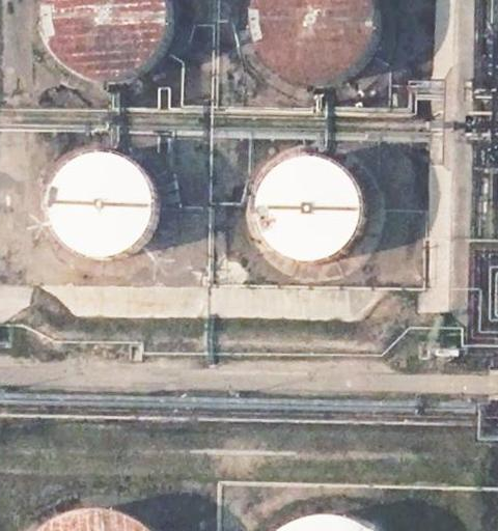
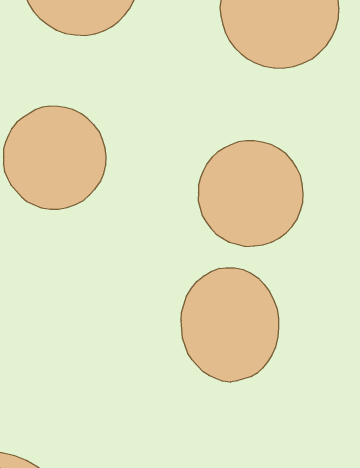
building: none -> [181,268,279,382]

